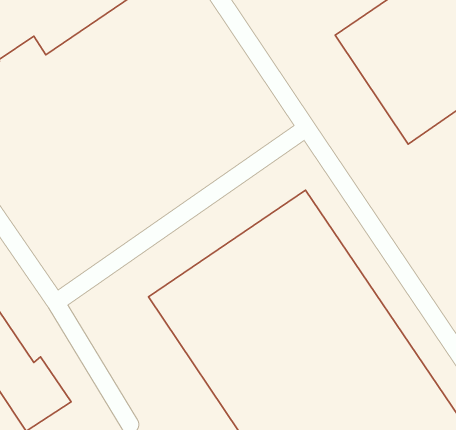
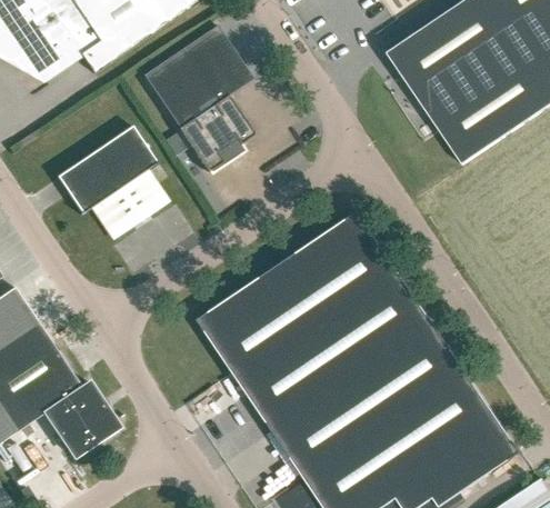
building: none -> [142,26,254,175]
building: none -> [57,126,166,236]

